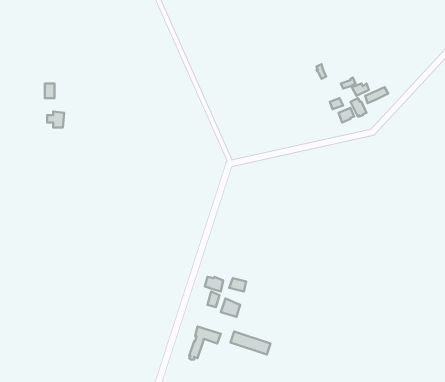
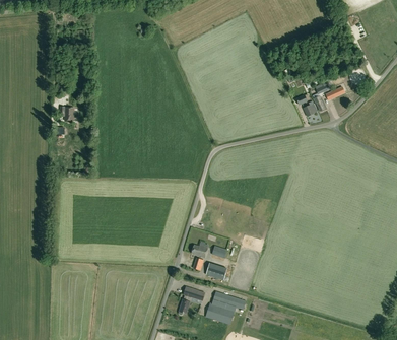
building: none -> [205,302,235,324]

